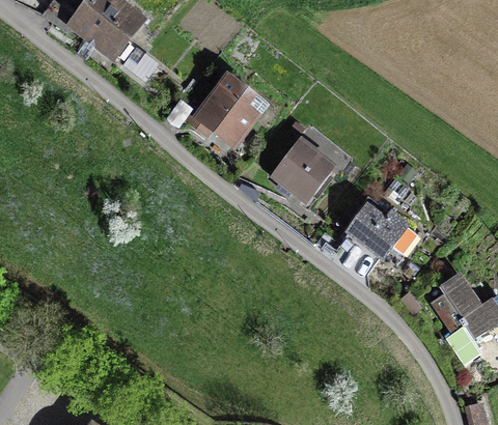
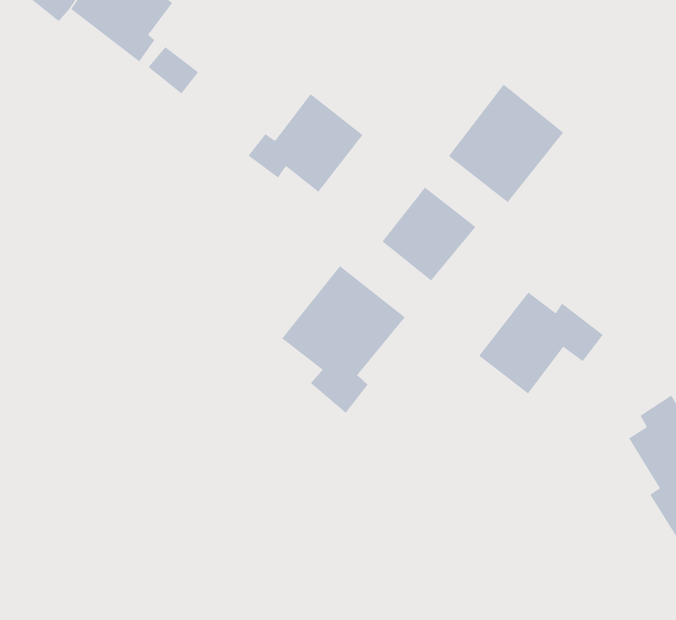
building: none -> [448,84,564,203]
building: none -> [281,265,406,414]

